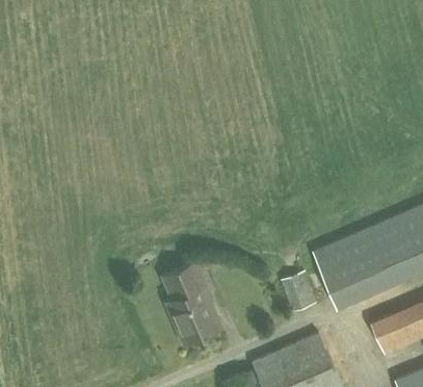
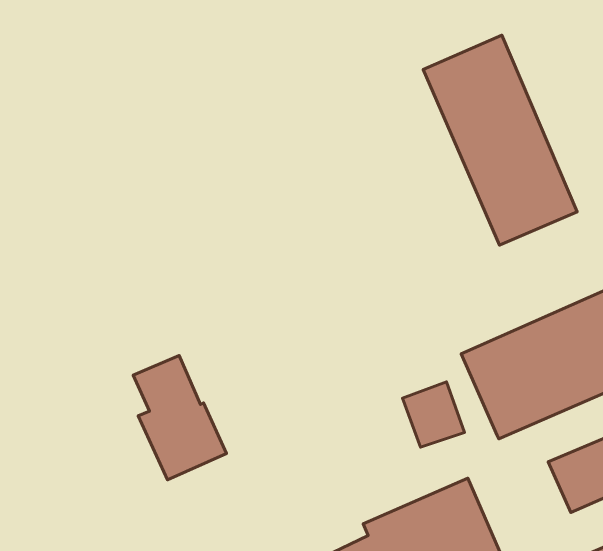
building: none -> [423,35,577,245]
building: [163,264,222,343] -> [133,355,227,480]

